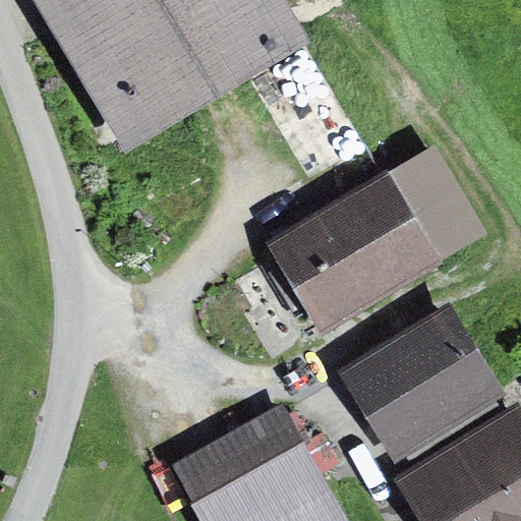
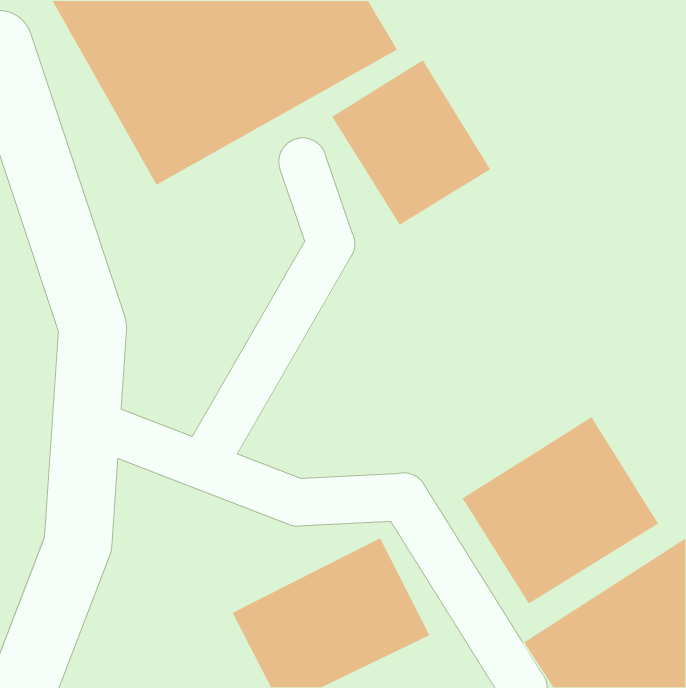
building: none -> [331,59,491,226]
building: [264,151,481,336] -> none

